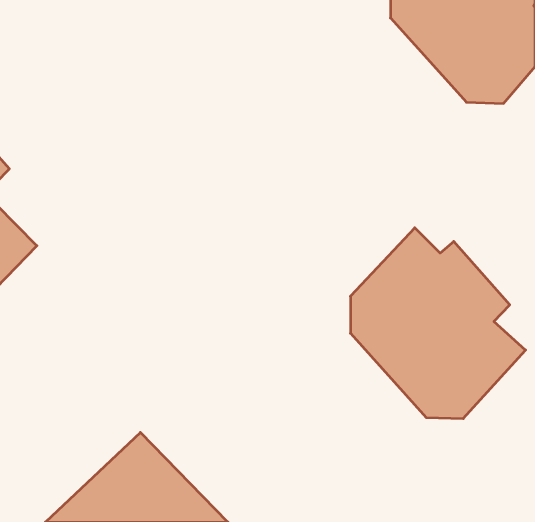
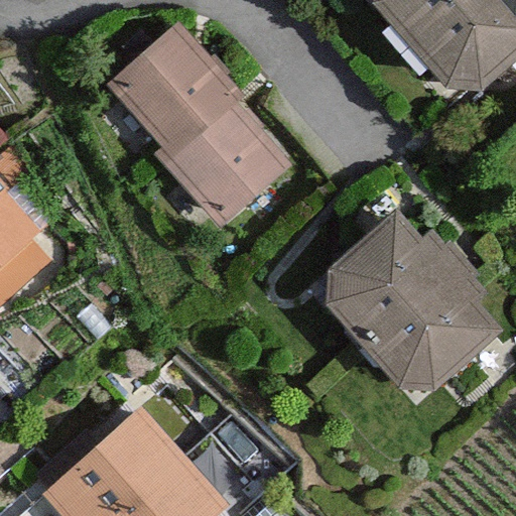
building: none -> [109,27,291,233]

